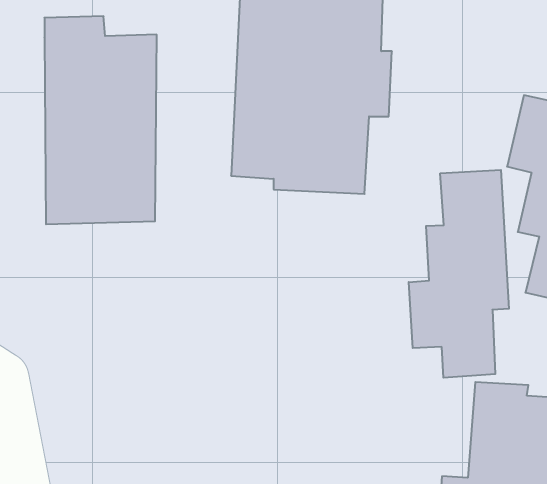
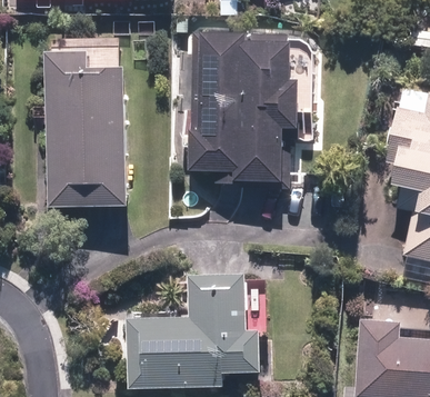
building: [409,170,509,378] -> none
building: none -> [124,271,261,388]

